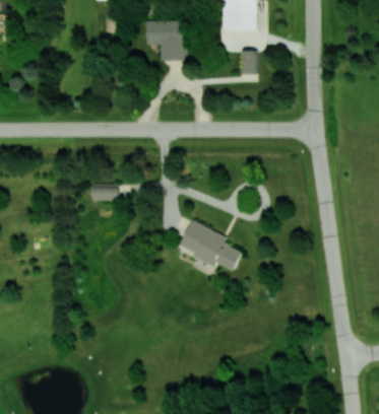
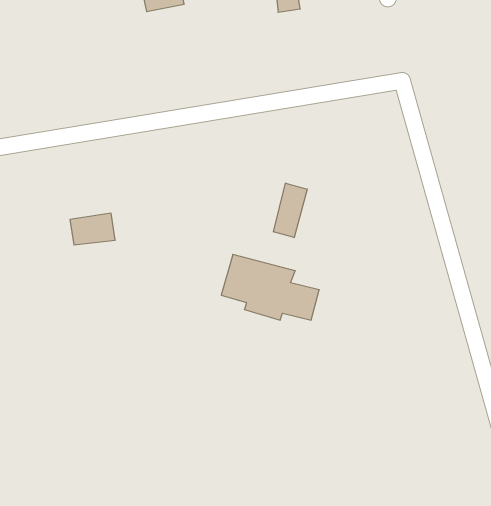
building: none -> [274,183,307,238]

